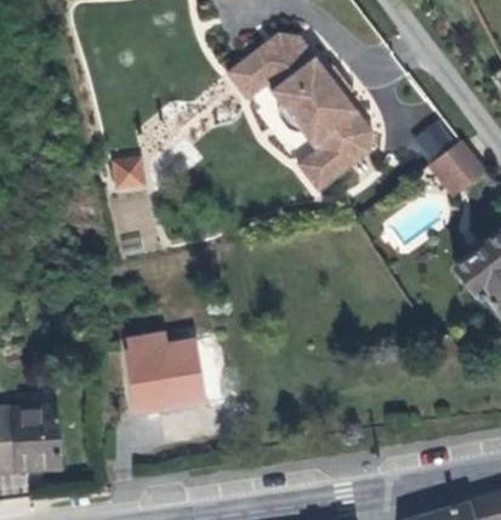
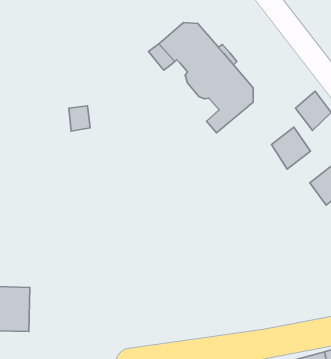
building: none -> [272,127,310,169]
building: [123,333,201,412] -> none

